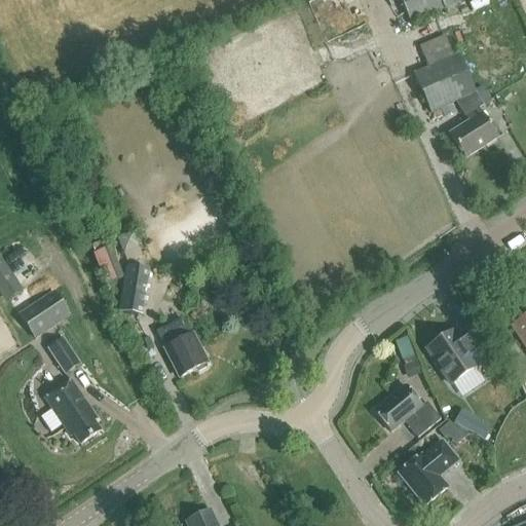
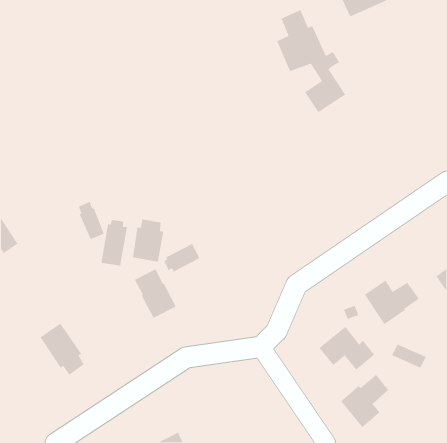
building: [416,34,498,156] -> [276,9,346,113]
building: none -> [132,218,164,263]
building: none -> [163,243,201,273]
building: [18,288,71,337] -> none
building: [47,335,81,373] -> none

